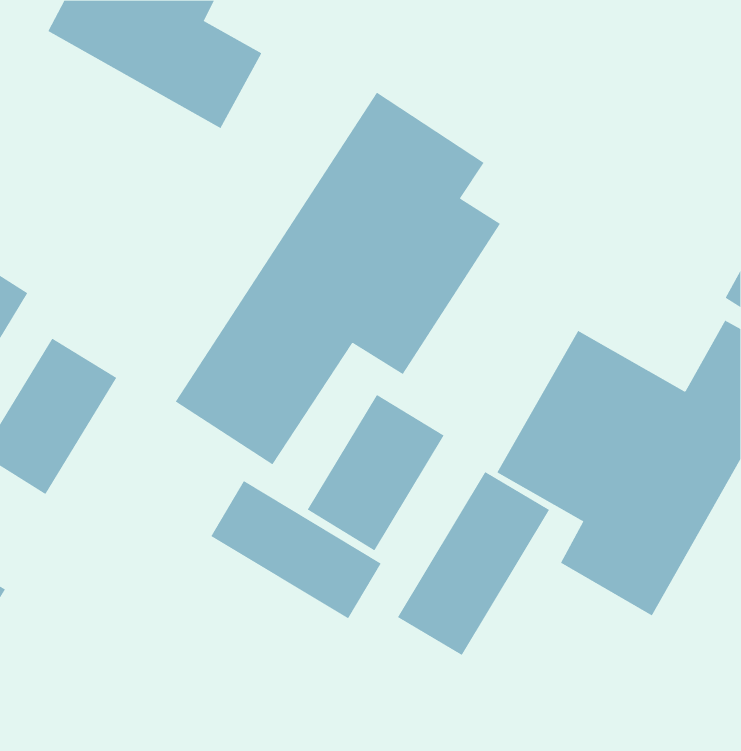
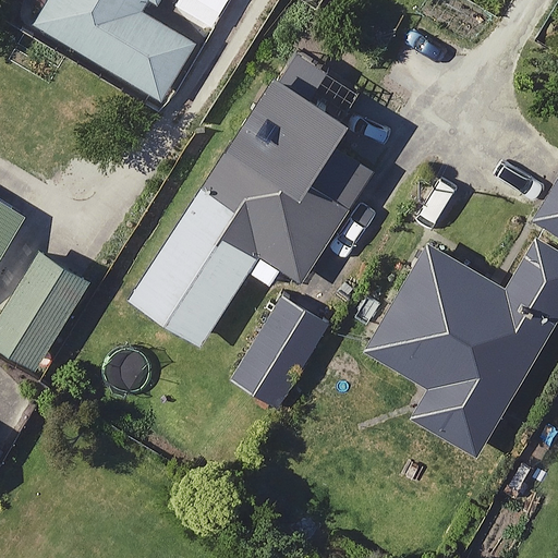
building: [397,471,550,656] -> none
building: [210,480,382,619] -> none

